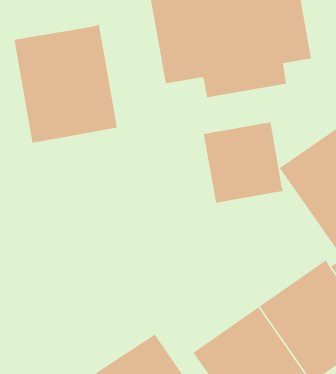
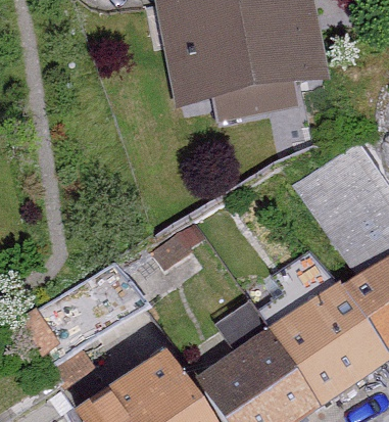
building: [14,24,117,143] -> none
building: [203,122,283,203] -> none

